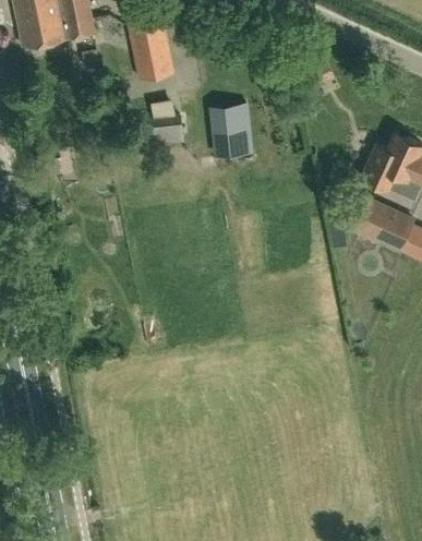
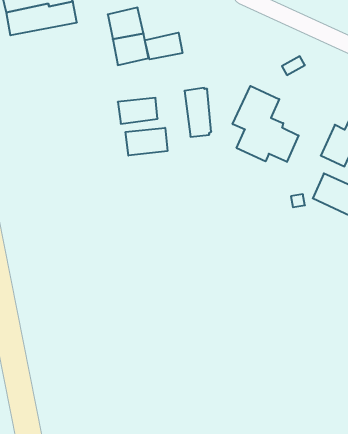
building: none -> [145,33,182,59]
building: none -> [233,86,299,162]
building: none -> [126,128,167,156]

